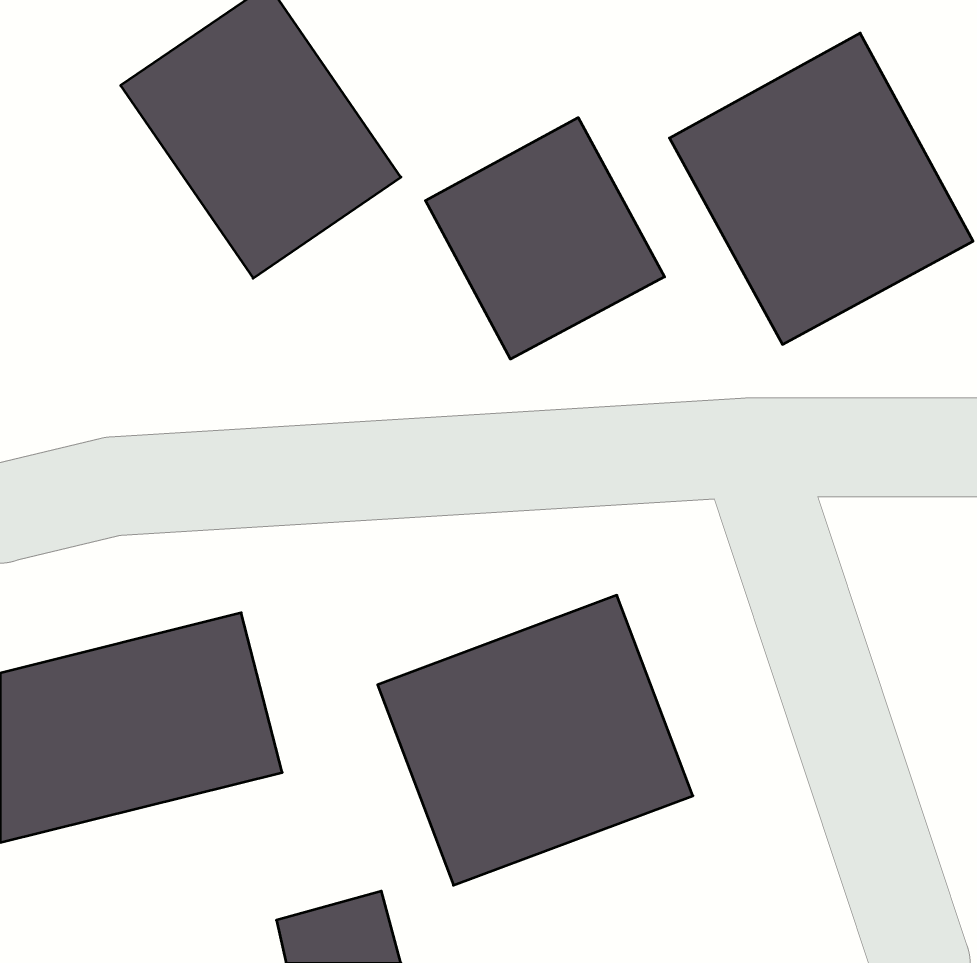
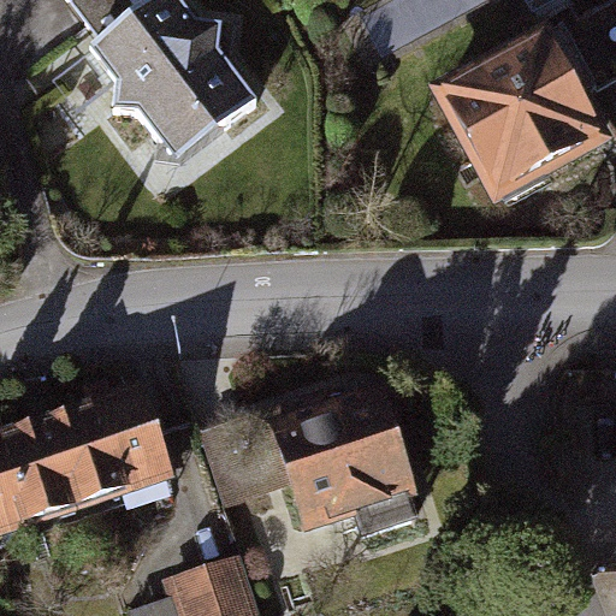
building: [425,118,665,359] -> none

